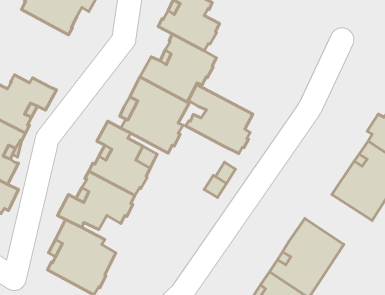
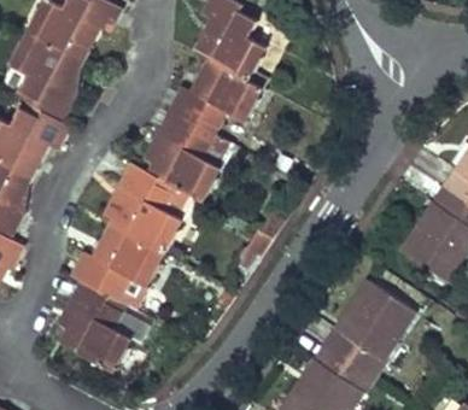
building: none -> [10,29,84,122]
building: [185,84,253,154] -> none

